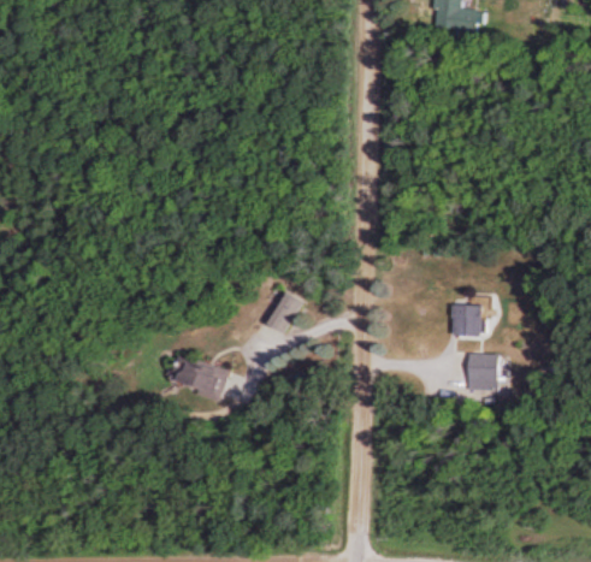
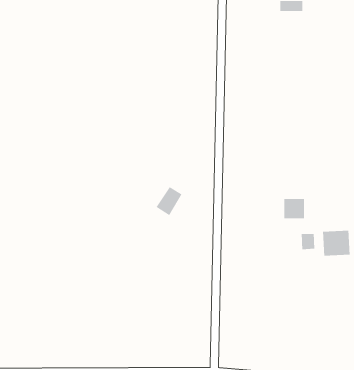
building: none -> [322,230,350,256]
building: [171,356,229,397] -> none

